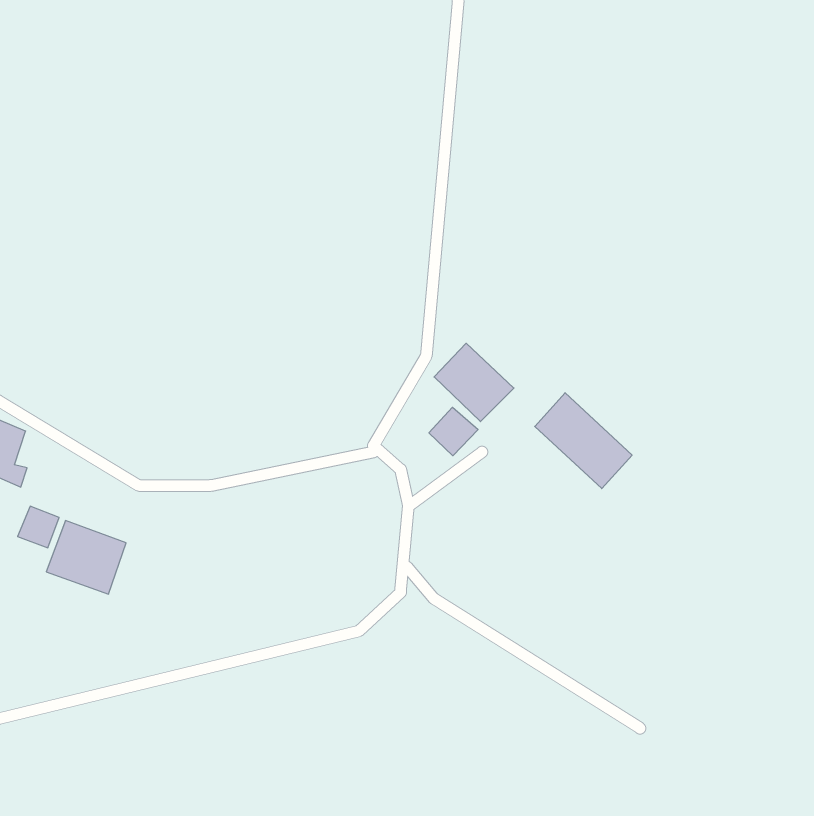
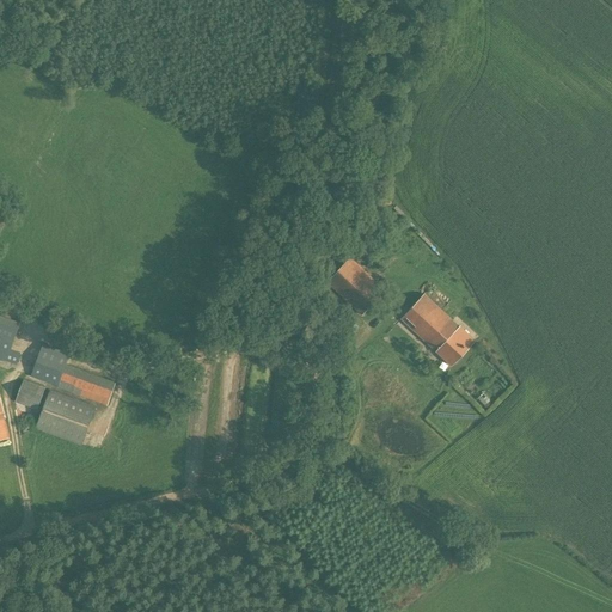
building: [429,407,478,456] -> none
building: none -> [30,343,115,405]

